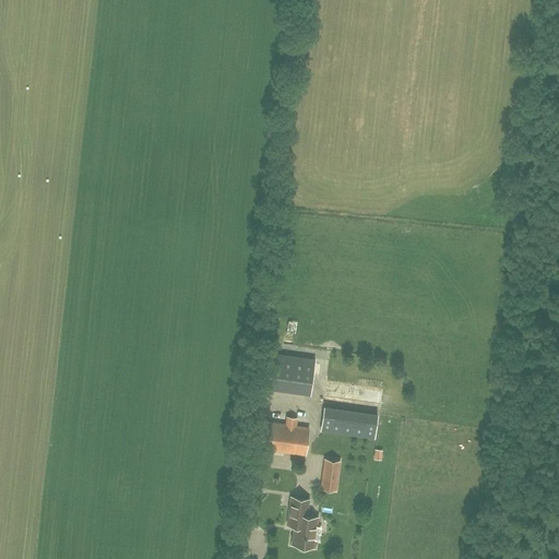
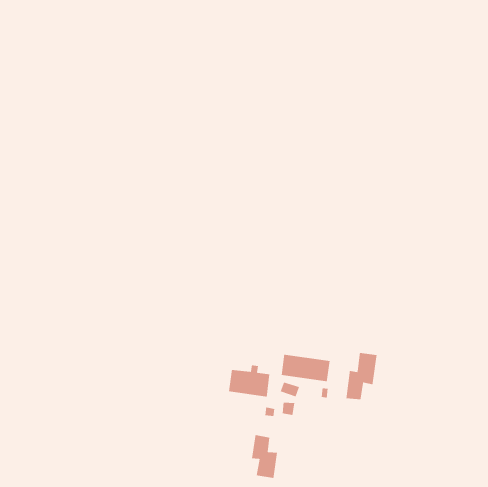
building: [258,353,314,395] -> none
building: none -> [346,352,377,400]

